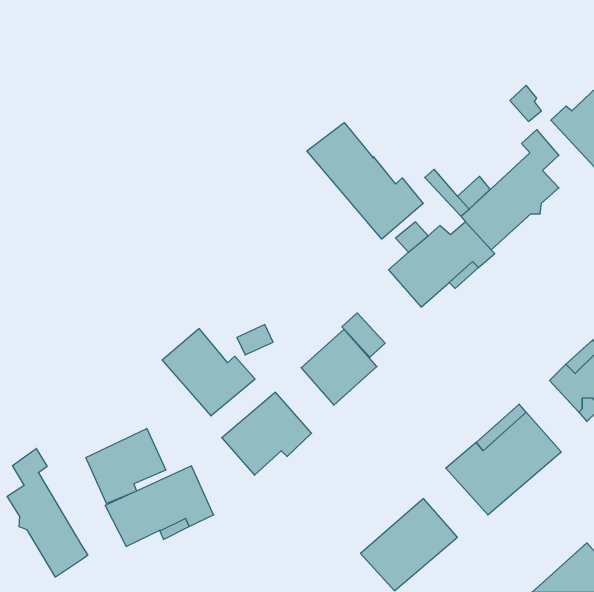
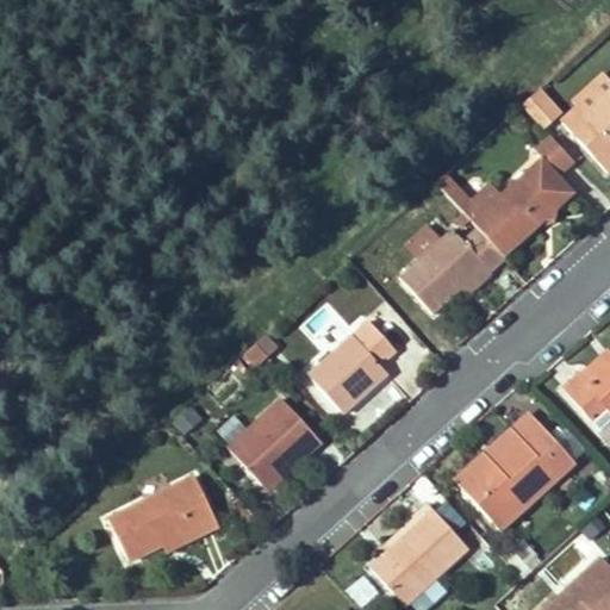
building: [307,123,423,239] -> none
building: [162,329,255,416] -> none
building: [86,428,166,504] -> none
building: [7,448,88,577] -> none

